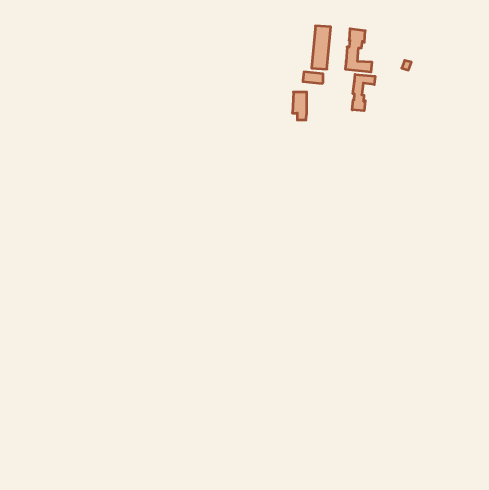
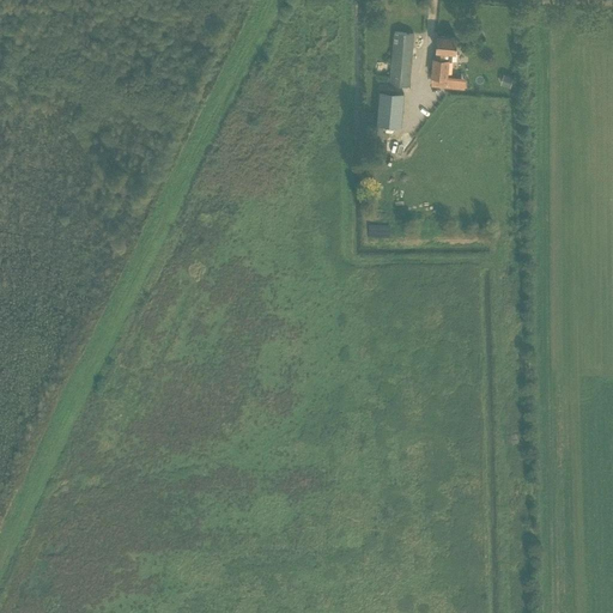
building: [352,74,375,111] -> none

